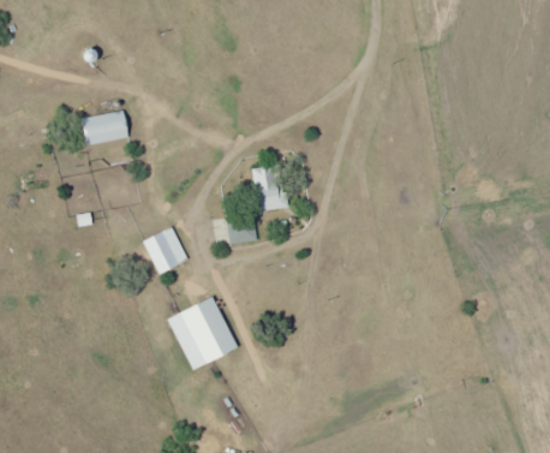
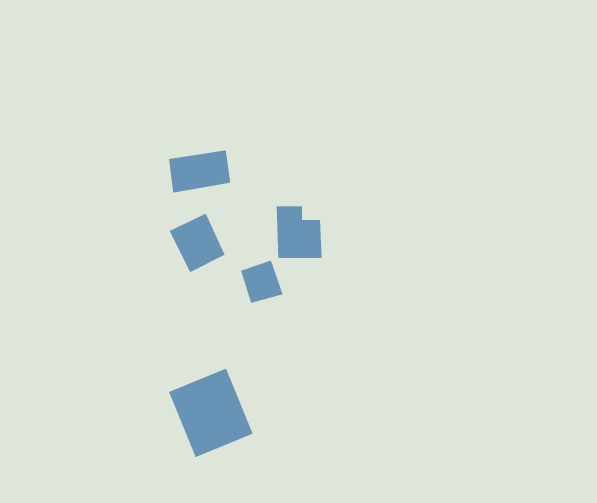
building: [79,111,130,145] -> [168,150,231,193]
building: [143,226,189,274] -> [169,213,226,273]

